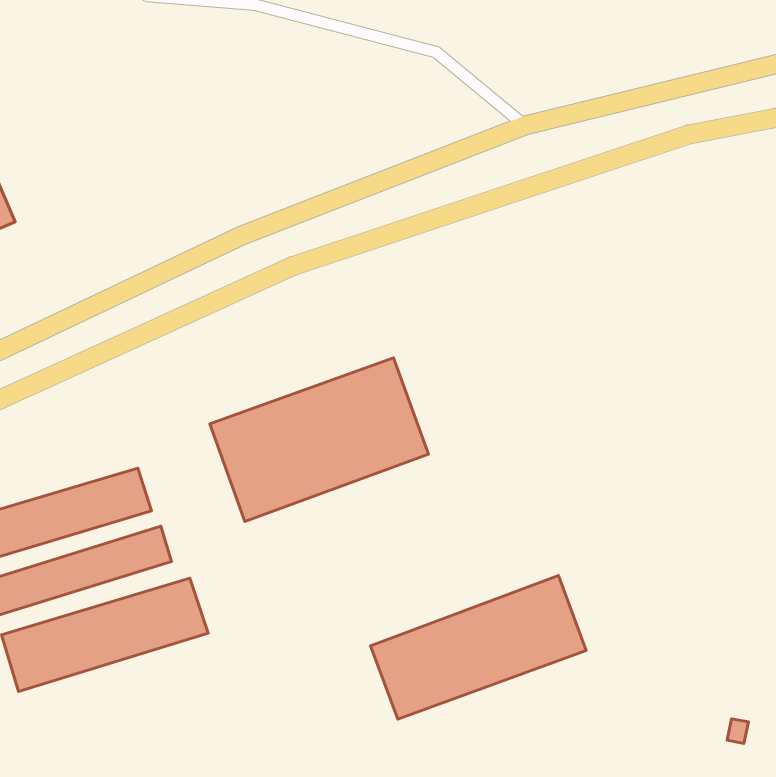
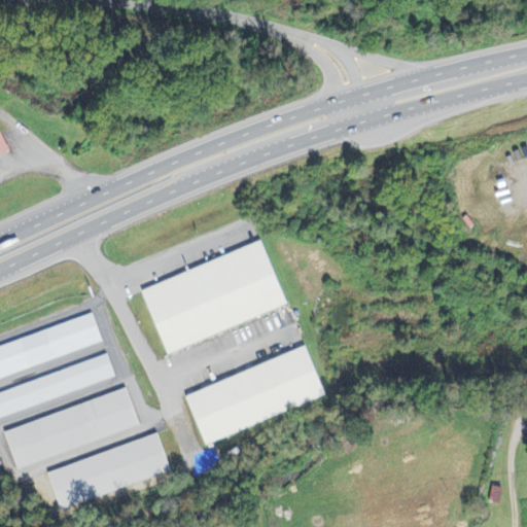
building: [370,576,586,719] -> [182,346,327,443]
building: none -> [44,434,170,505]

